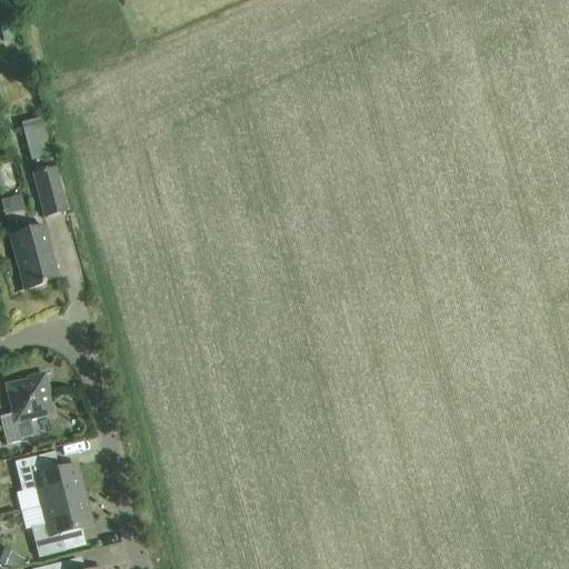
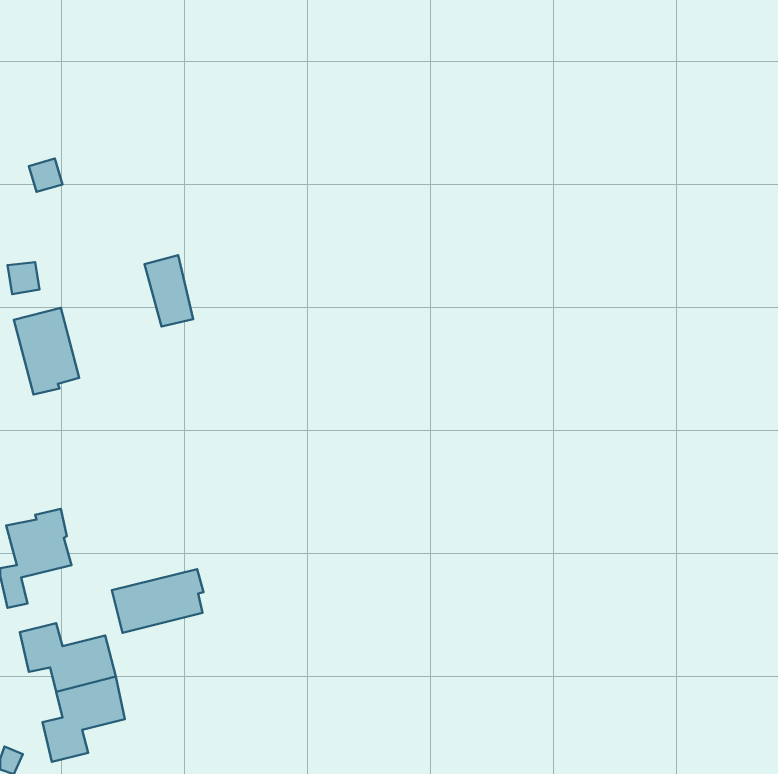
building: [31,163,67,216] -> [145,255,193,327]
building: none -> [112,569,204,633]

